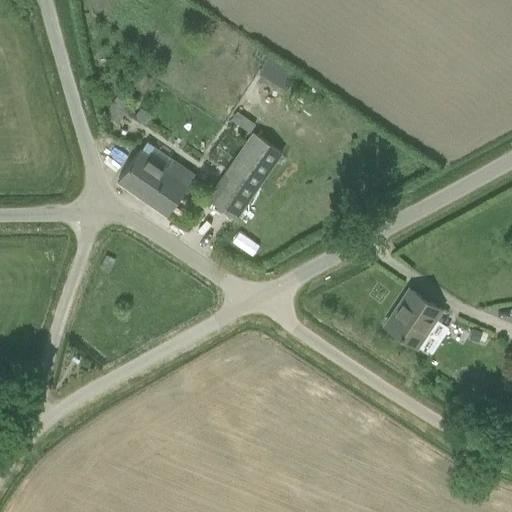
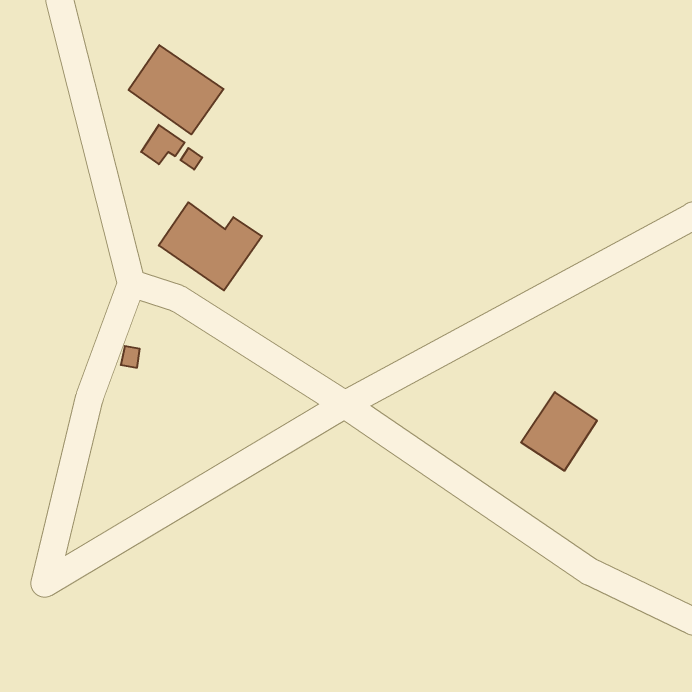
building: none -> [129,45,224,134]
building: [208,134,282,219] -> none

